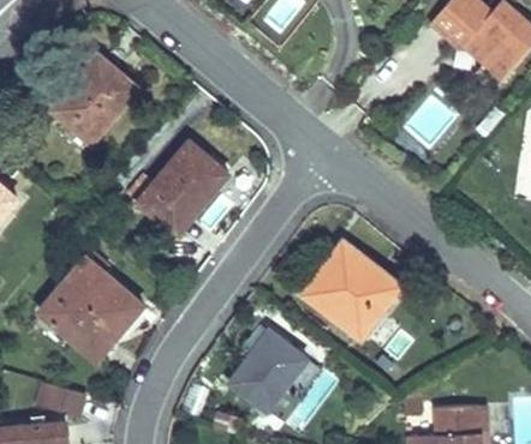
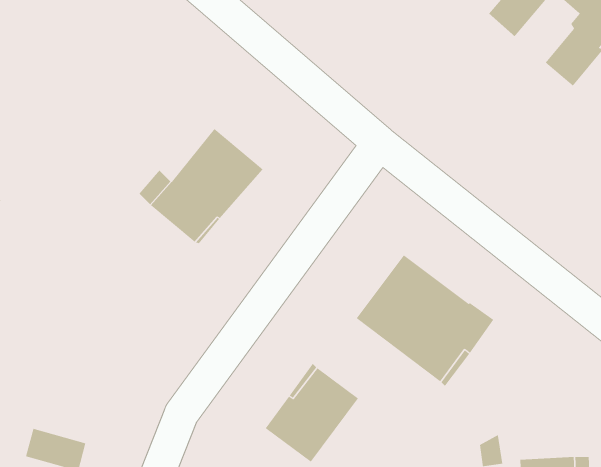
building: [52,54,137,142] -> none
building: [38,257,143,360] -> none

